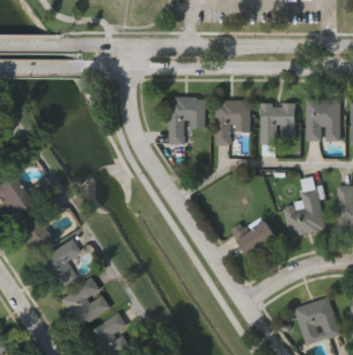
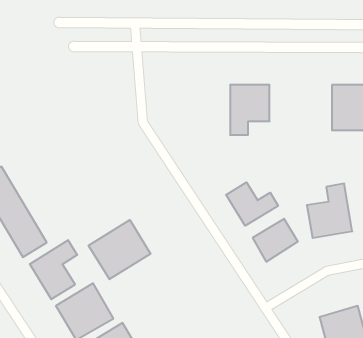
building: [169,96,206,144] -> none
building: [261,102,296,144] -> none
building: none -> [226,182,278,226]
building: none -> [89,220,151,279]

